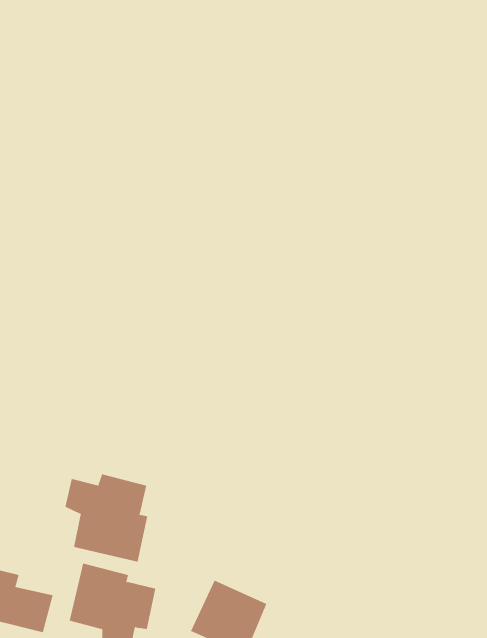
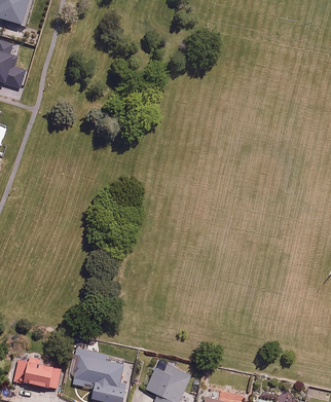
building: [65,474,148,563] -> none

